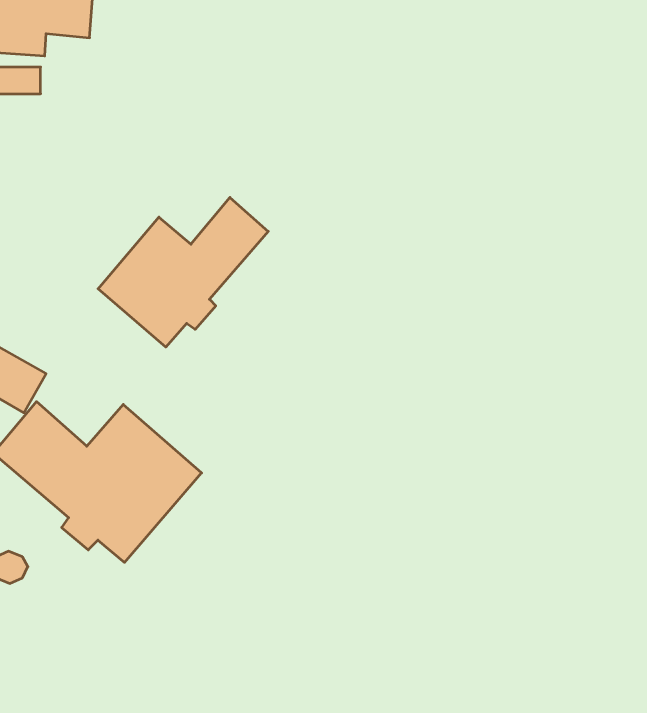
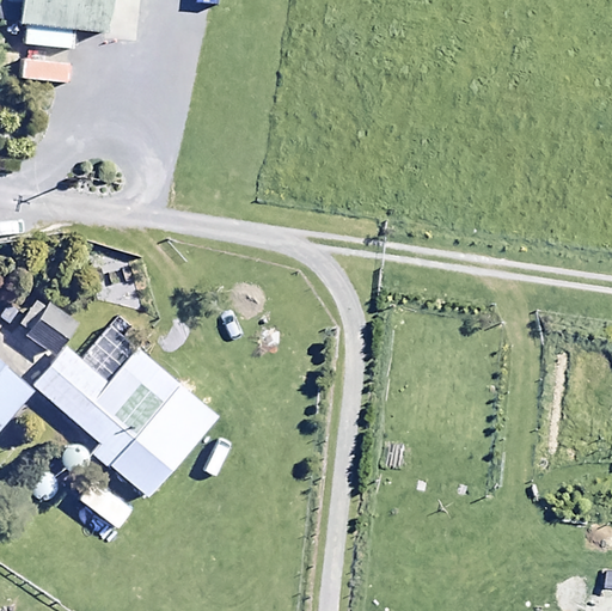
building: [98,197,268,347] -> none

